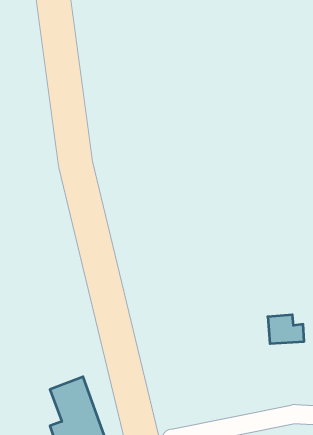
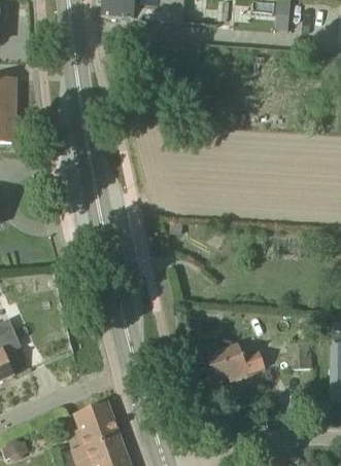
building: none -> [205,346,264,381]

